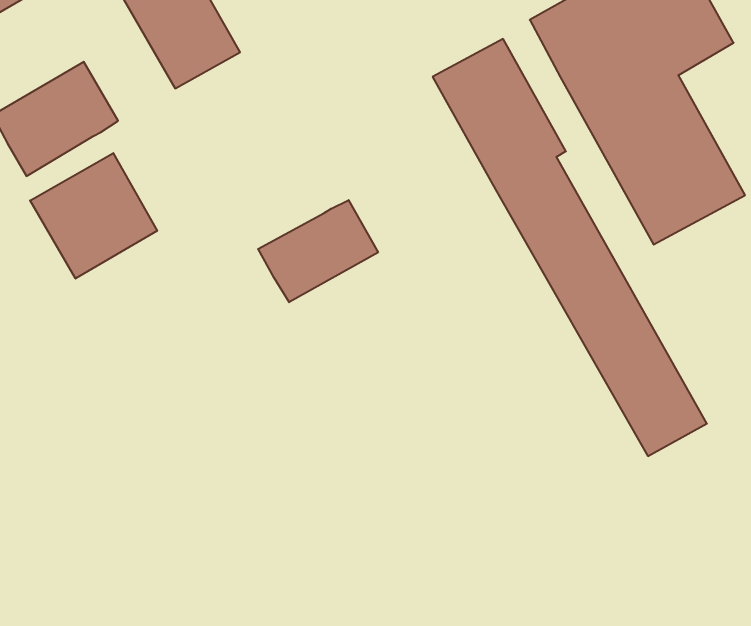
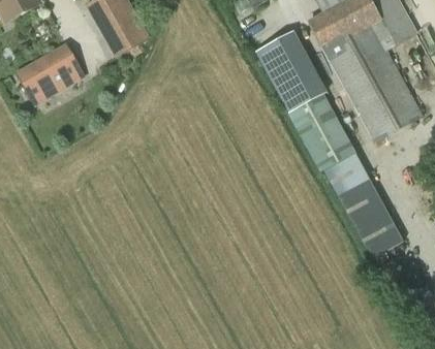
building: [30,153,157,279] -> none
building: [258,200,378,302] -> none

